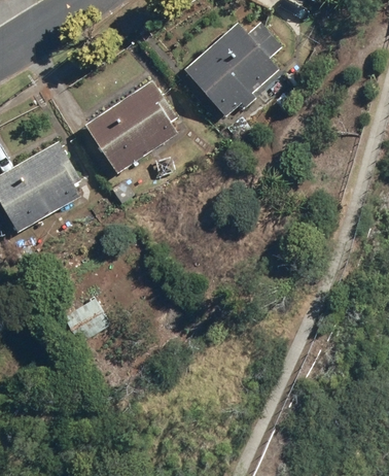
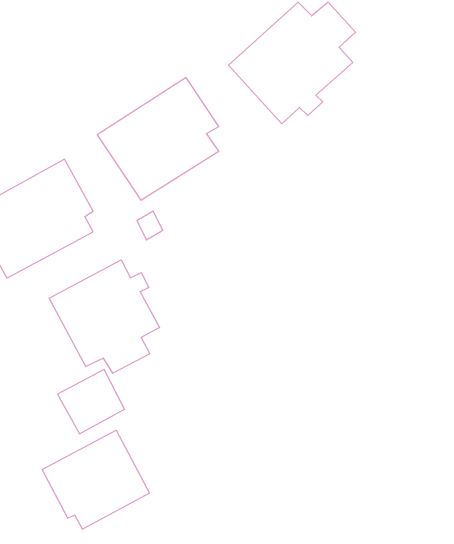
building: none -> [49,260,160,373]
building: none -> [42,430,149,529]

